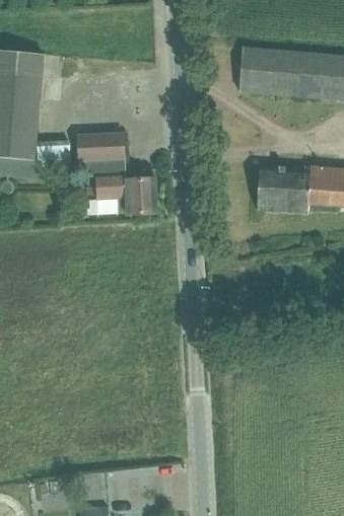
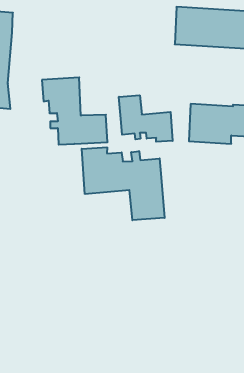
building: none -> [119,95,173,142]
building: none -> [82,147,165,220]

